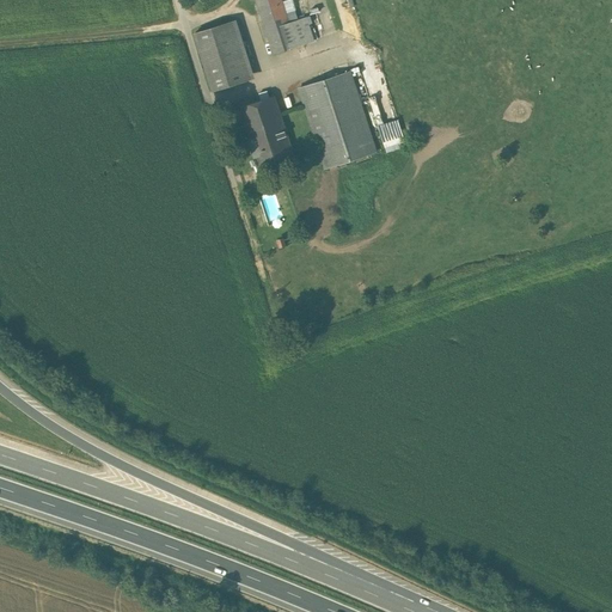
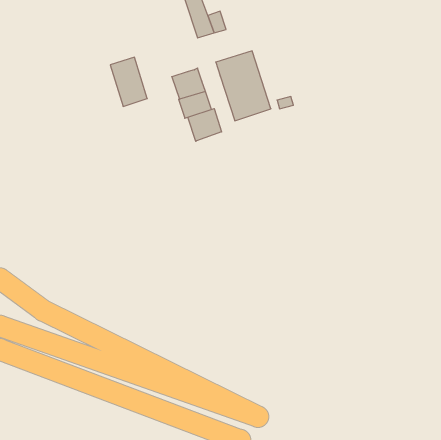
building: [195,22,246,90] -> [110,57,147,106]
building: none -> [188,109,222,141]

